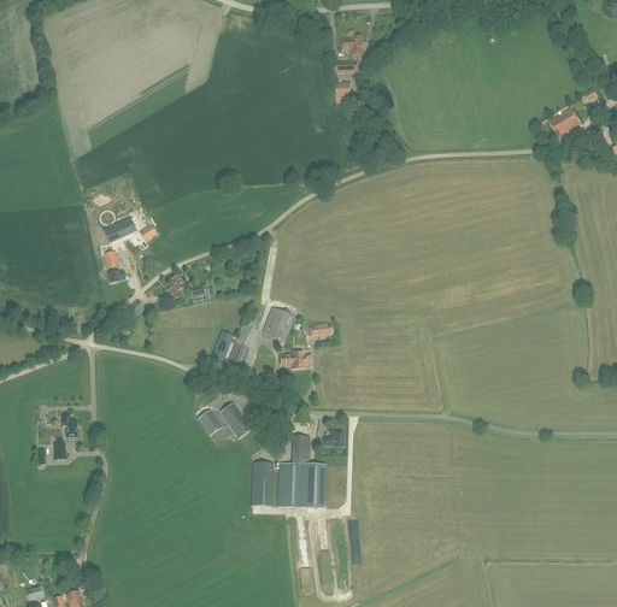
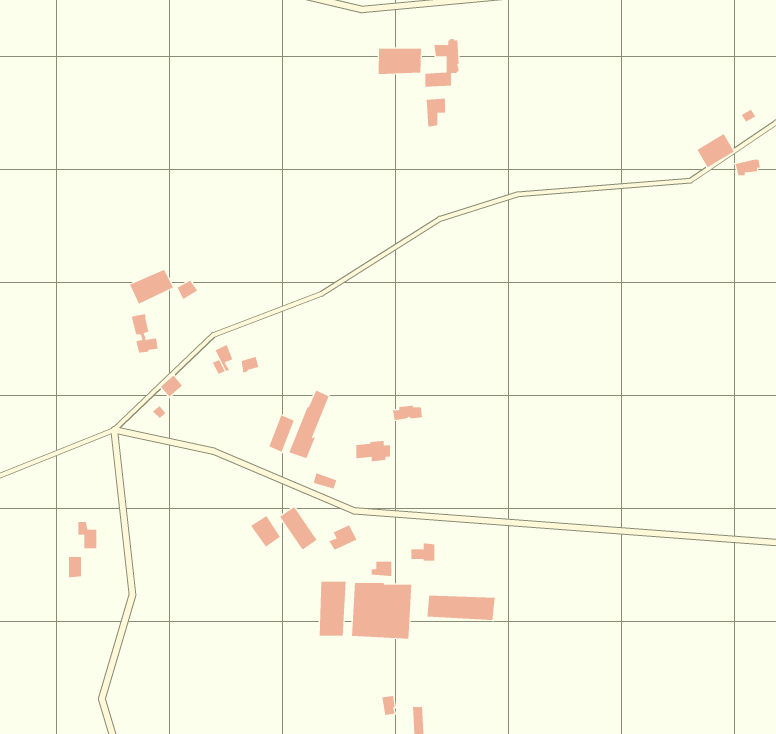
building: none -> [378,48,421,75]
building: [263,306,295,340] -> none
building: none -> [427,595,495,621]

